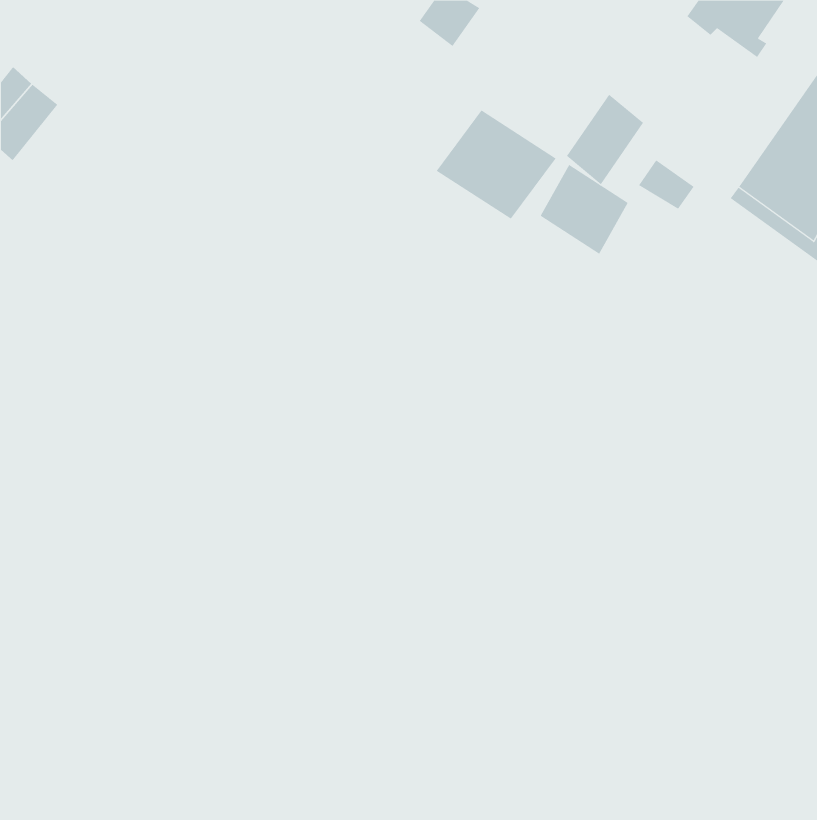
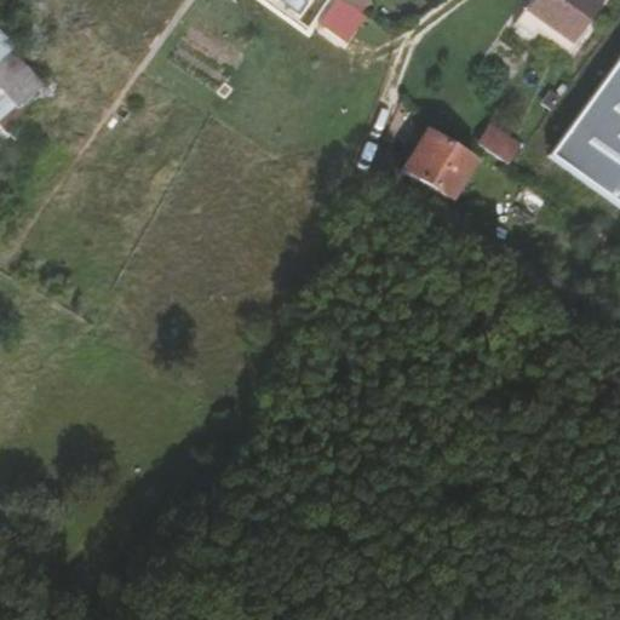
building: [566,94,644,185] -> none
building: [436,110,556,220] -> none

